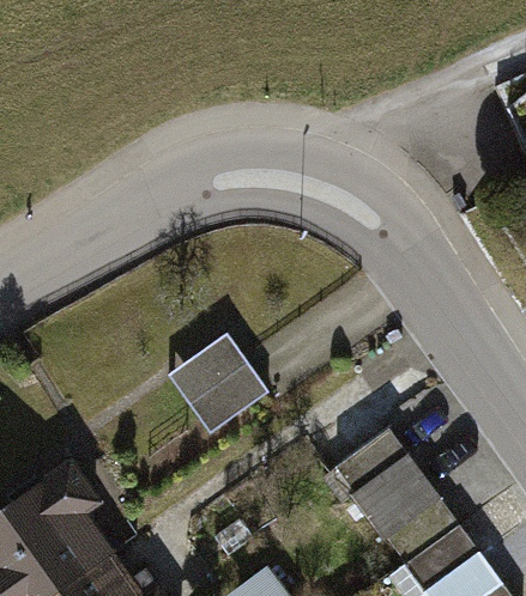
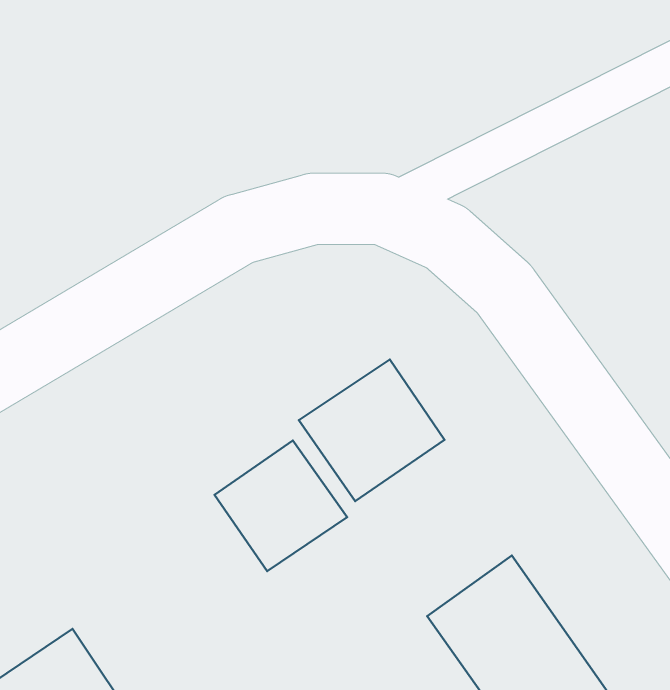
building: none -> [299,359,444,501]

